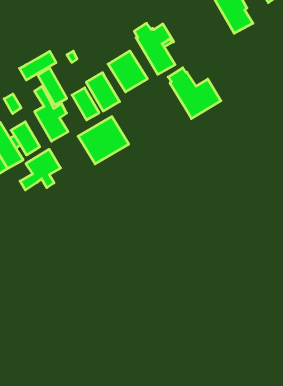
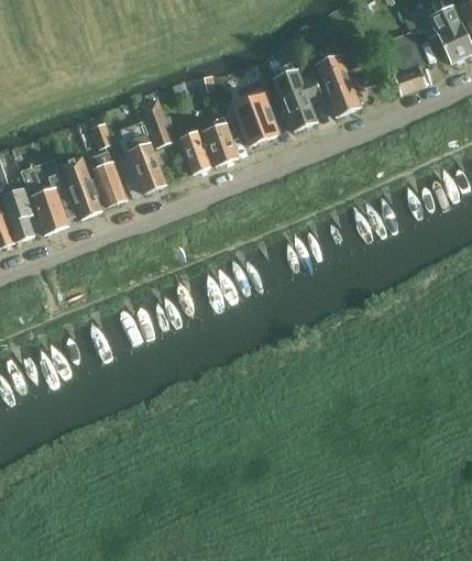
building: [19,51,56,80] -> none
building: [168,68,221,119] -> [314,48,376,116]
building: [78,117,129,164] -> none
building: [20,149,61,190] -> none

